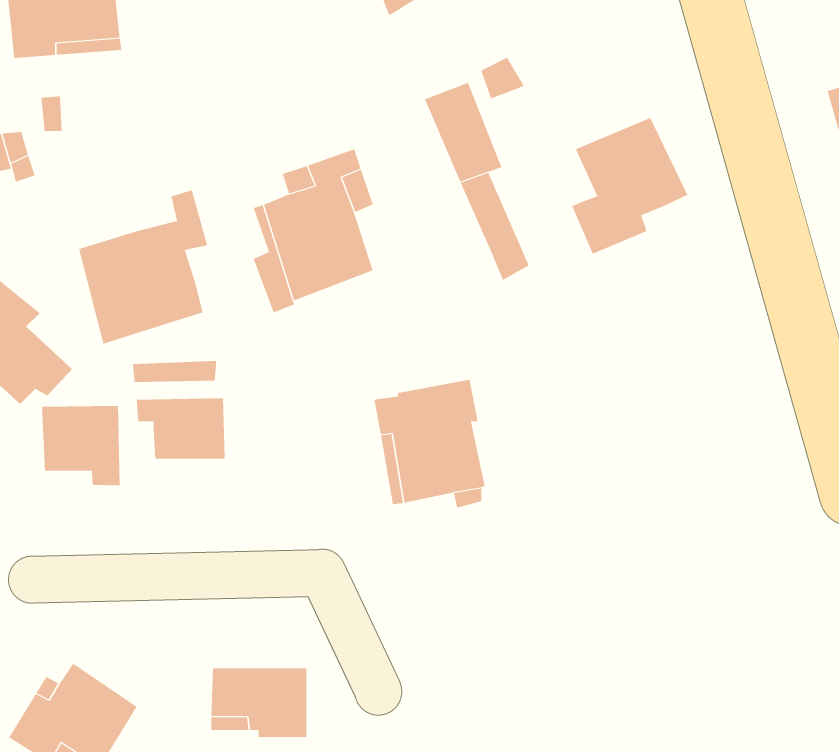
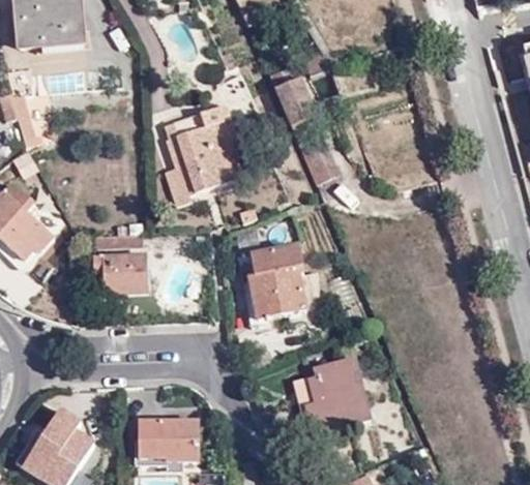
building: [572,117,688,255] -> none
building: [78,189,208,344] -> none
building: [41,405,120,486] -> none
building: none -> [306,358,370,433]

